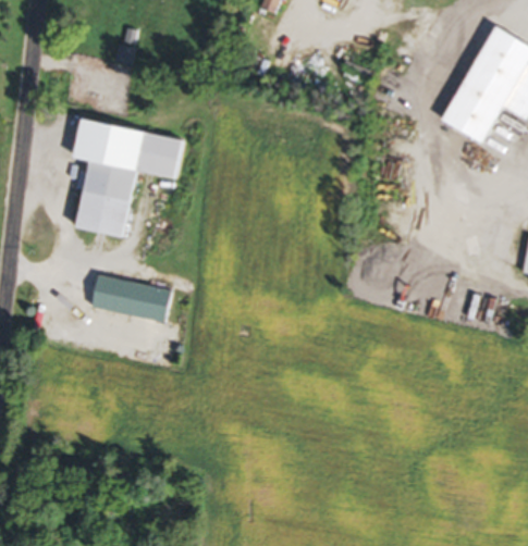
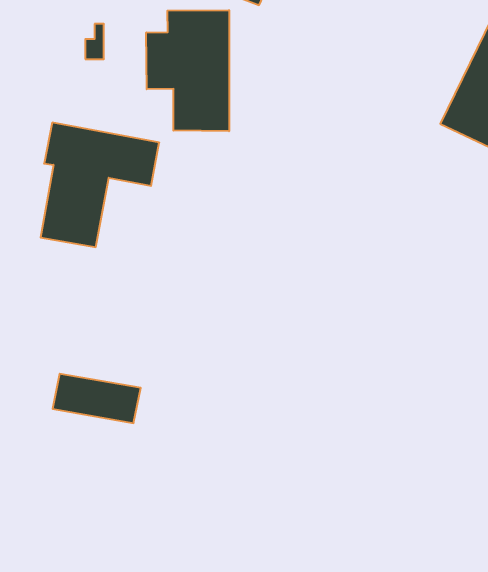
building: none -> [146,10,229,131]
building: [89,275,171,321] -> [53,374,141,423]

